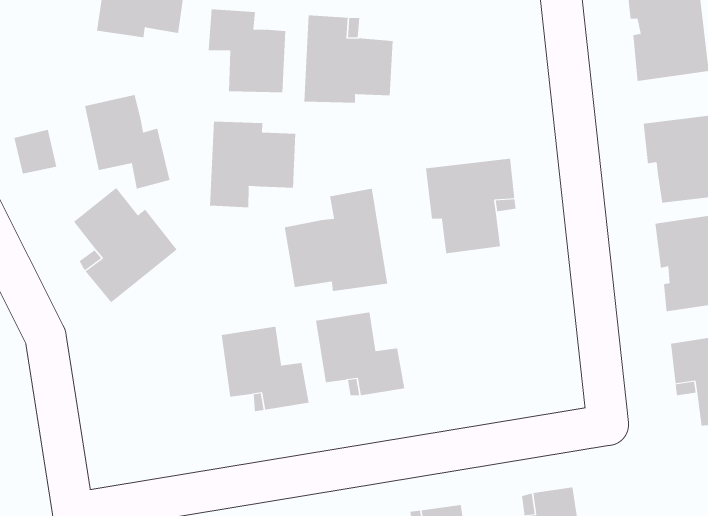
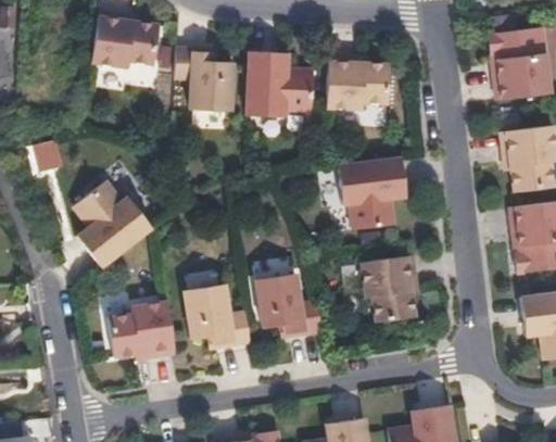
building: none -> [327,55,390,110]
building: [84,94,170,190] -> none
building: [209,121,296,208] -> none
building: [284,188,388,292] -> none
building: none -> [362,255,417,321]
building: none -> [109,302,176,358]

